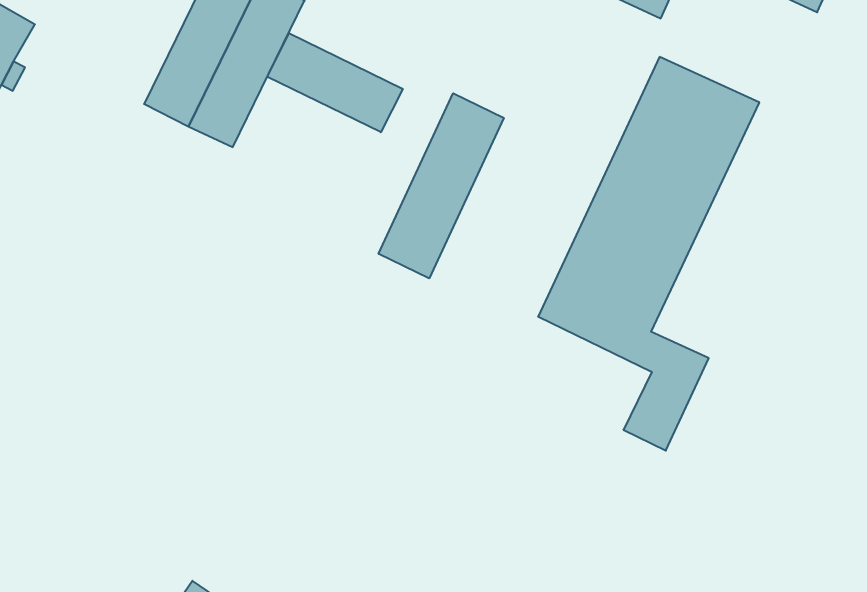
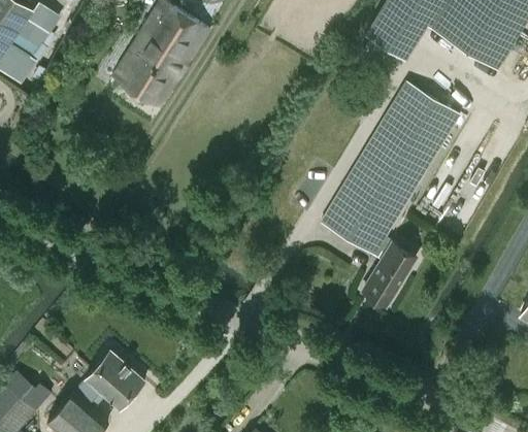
building: [267,33,403,132] -> none
building: [379,93,504,278] -> none

